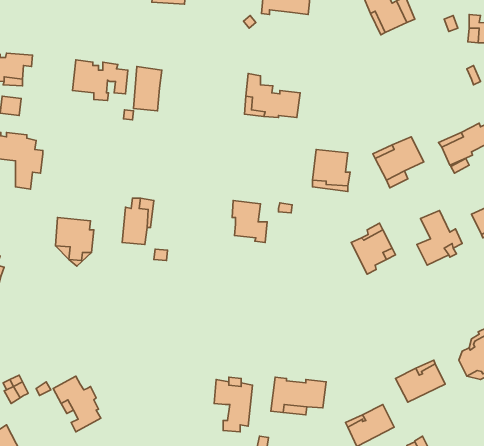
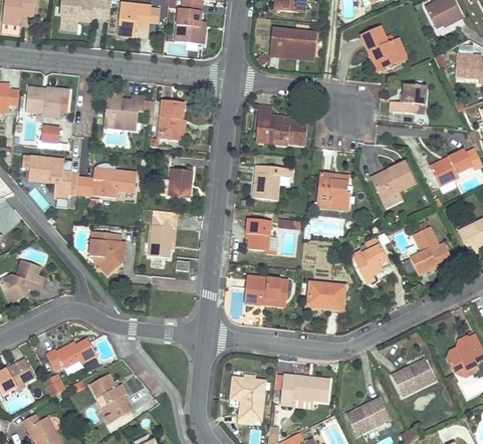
building: none -> [390,83,426,114]
building: none -> [253,164,293,199]
building: none -> [168,167,193,196]
building: none -> [76,169,137,197]
building: none -> [245,275,287,303]
building: none -> [307,281,344,308]
building: none -> [46,337,95,369]

